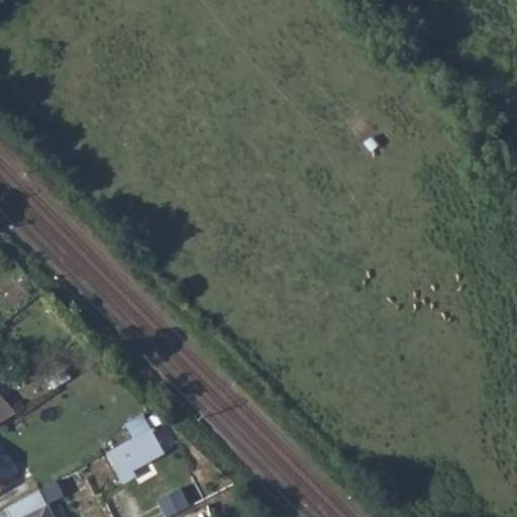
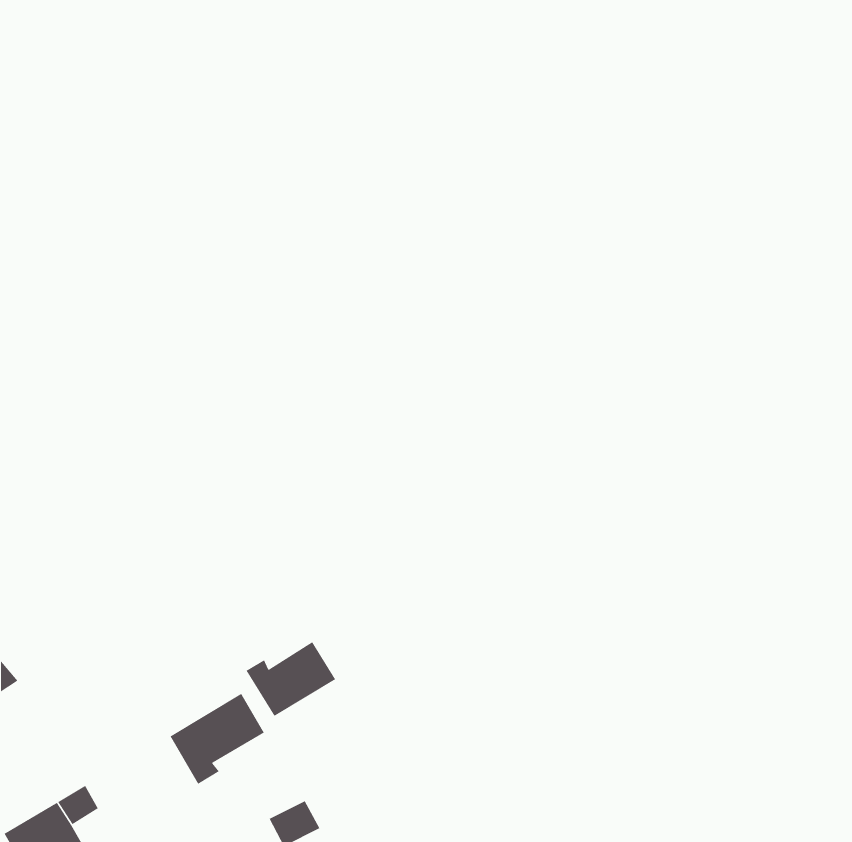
building: none -> [245,641,336,717]

